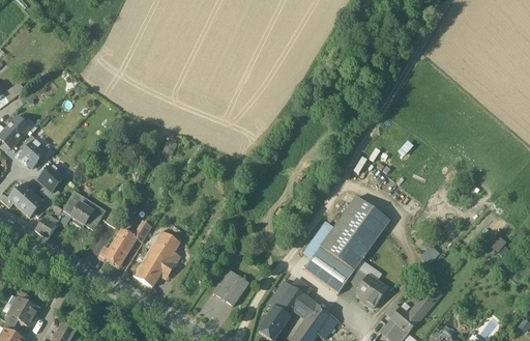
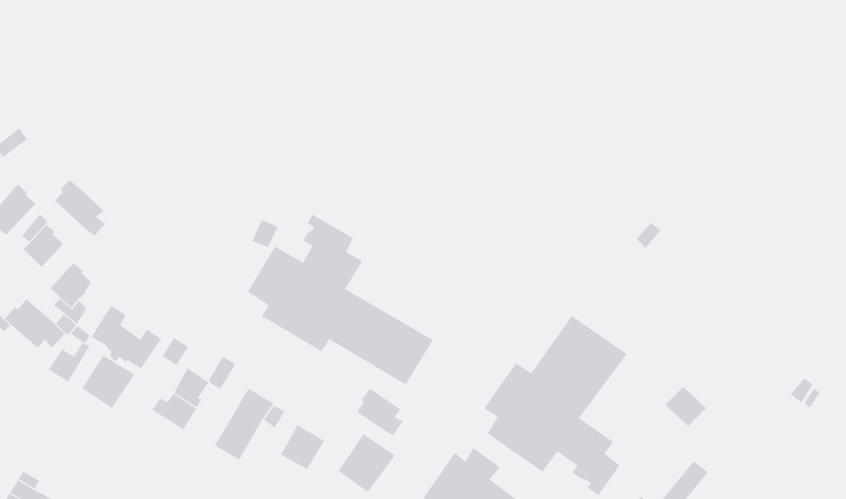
building: none -> [54,179,106,237]
building: none -> [247,214,434,386]
building: none -> [82,355,135,409]
building: none -> [356,388,404,436]
building: none -> [280,424,325,470]

